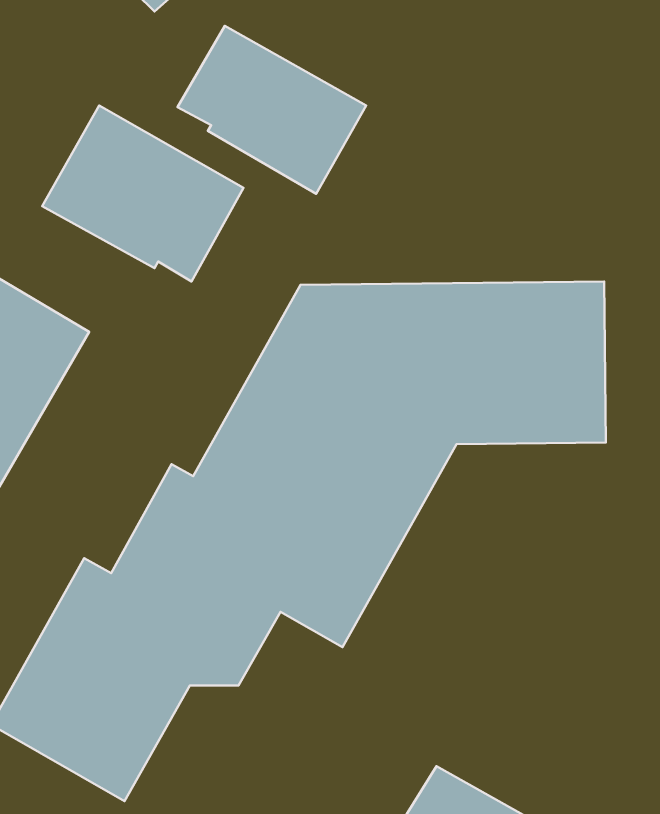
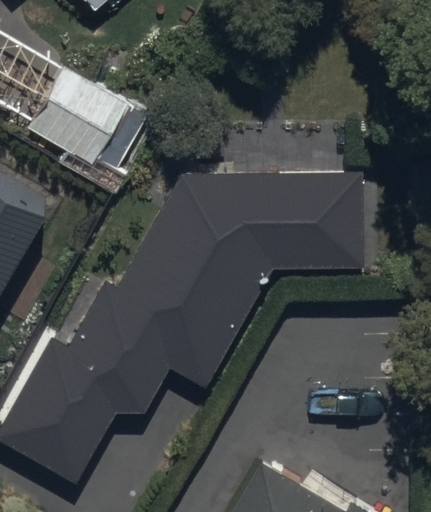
building: [178,26,366,194] -> none

